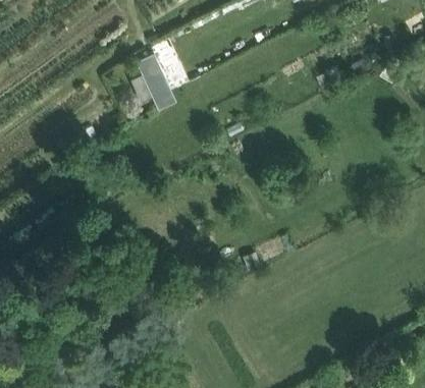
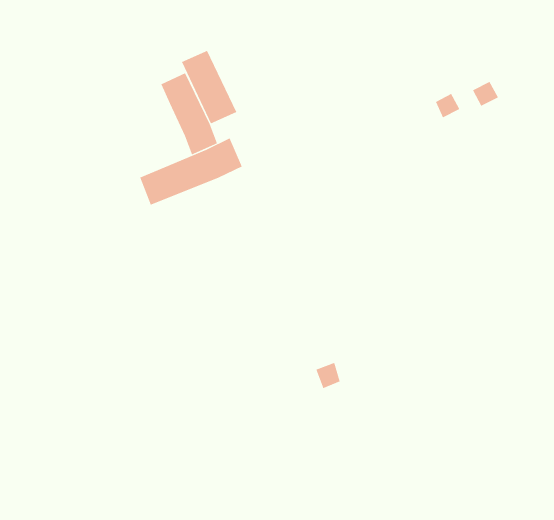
building: none -> [139,138,242,205]

